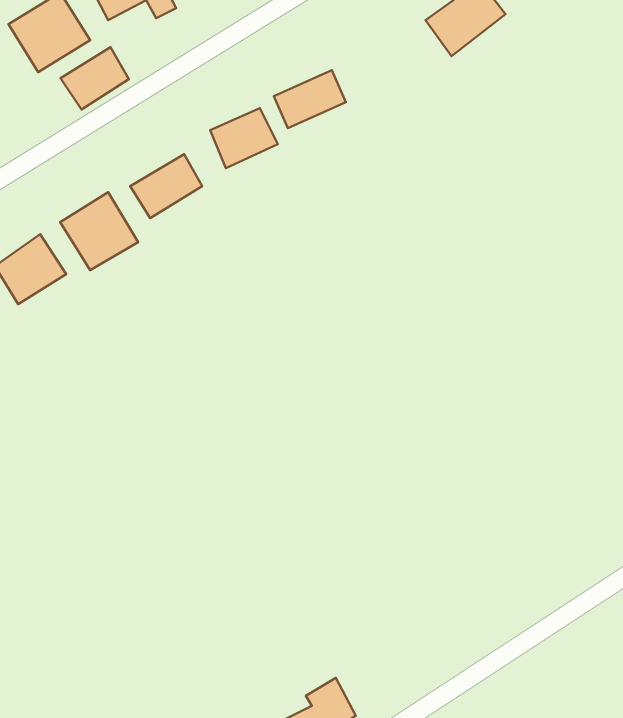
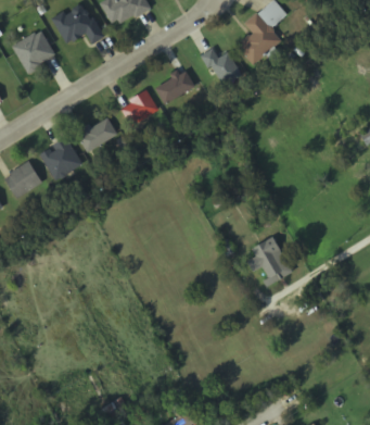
building: none -> [202,49,241,86]
building: [60,47,129,109] -> none
building: none -> [248,237,292,285]

